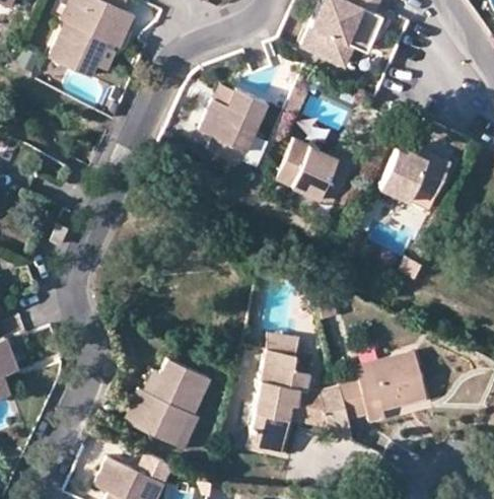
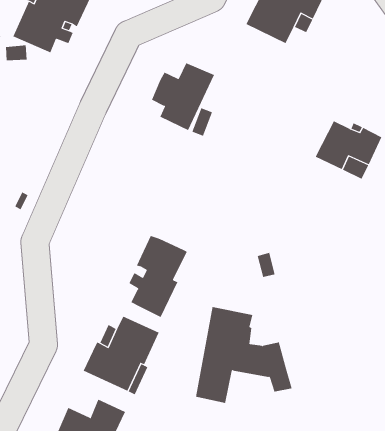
building: [277,140,352,204] -> none
building: none -> [128,235,187,318]
building: [338,352,426,420] -> none

